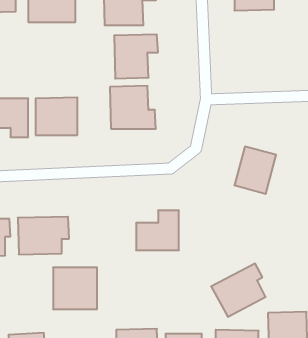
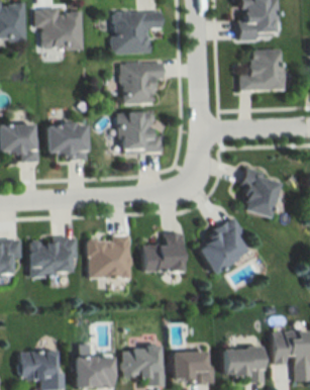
building: none -> [239,48,284,91]
building: [211,263,266,317] -> [195,220,247,272]
building: [53,267,97,309] -> [90,236,132,277]

